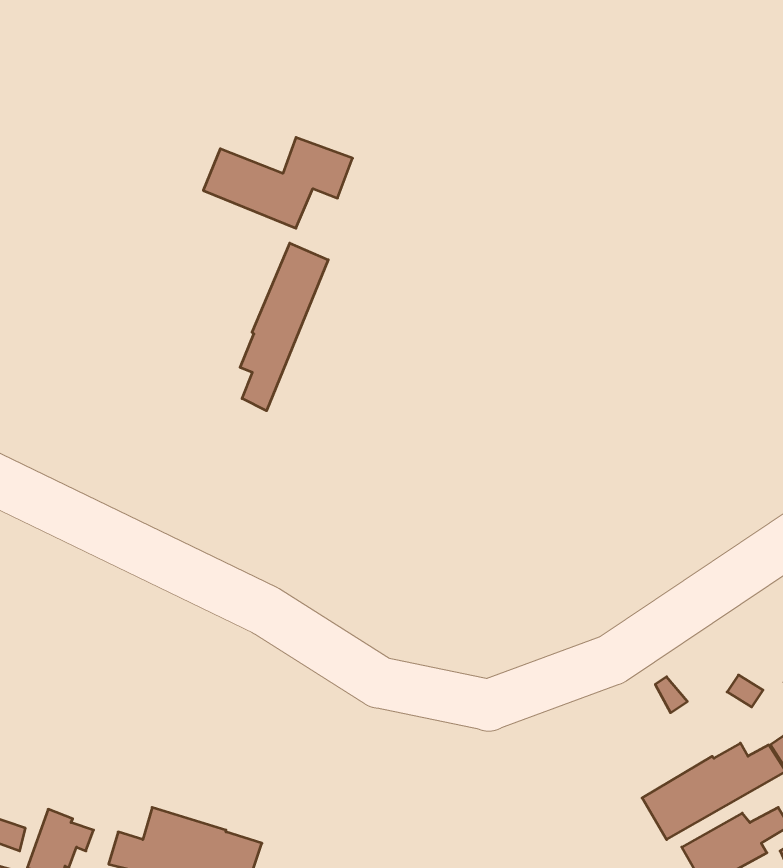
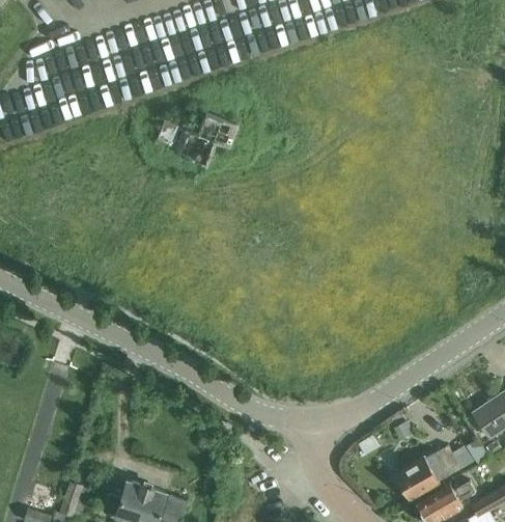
building: [240,243,328,411] -> none

